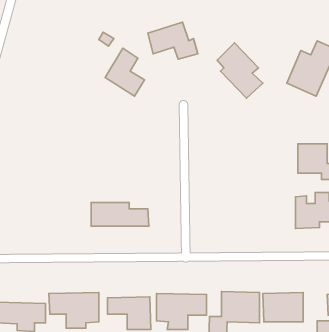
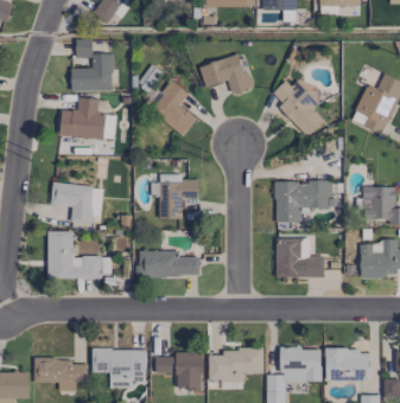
building: none -> [71,39,113,90]
building: none -> [59,97,116,141]
building: none -> [152,180,199,218]
building: none -> [275,181,334,223]
building: none -> [51,184,101,223]
building: none -> [47,231,102,279]
building: none -> [275,238,324,277]

